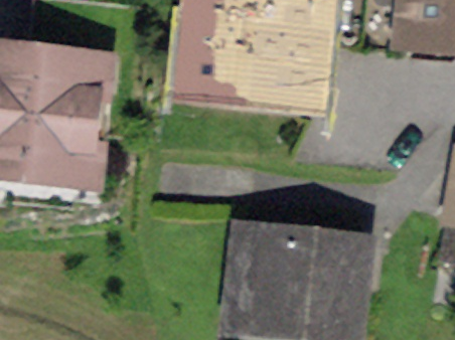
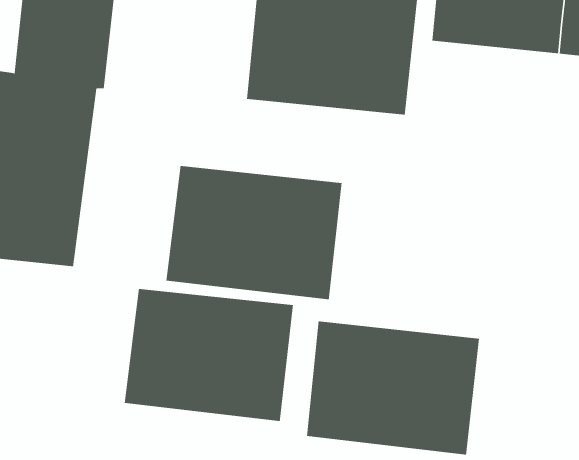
building: none -> [166,165,342,300]
building: none -> [124,288,293,422]

